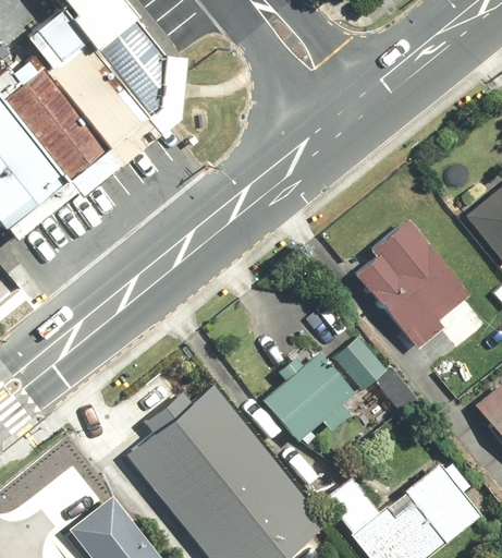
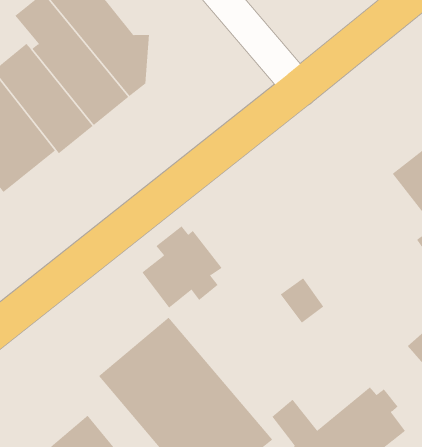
building: [356,219,475,348] -> none
building: [262,347,356,442] -> [141,225,222,308]

